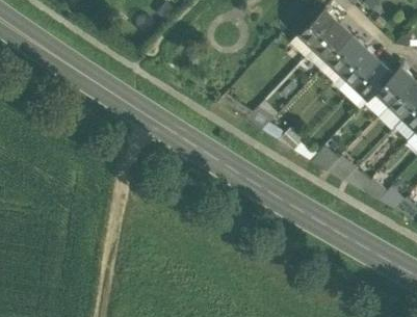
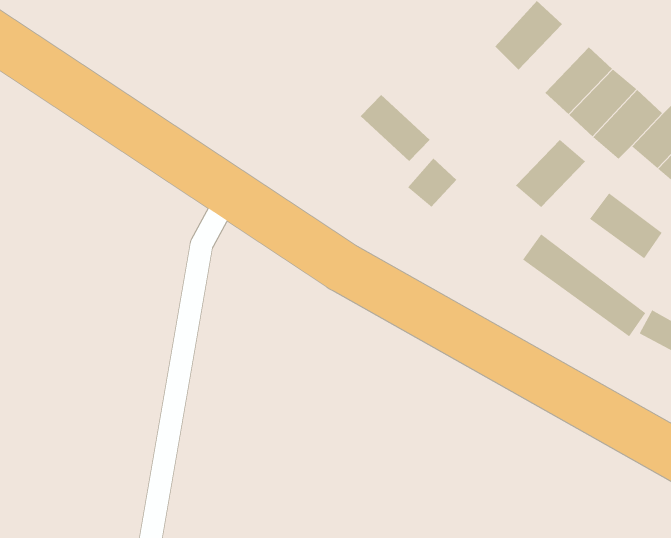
building: [311,25,350,63] -> [515,139,586,208]
building: none -> [360,94,431,162]
building: none -> [589,192,663,259]

